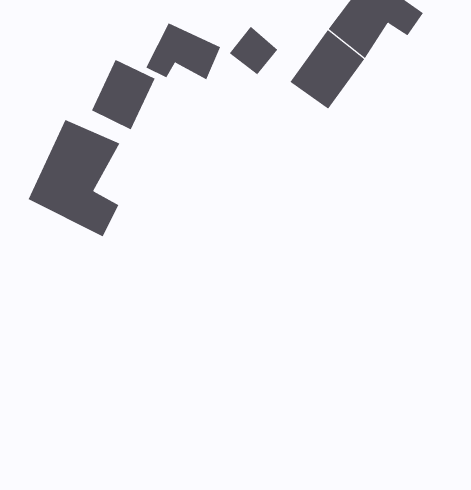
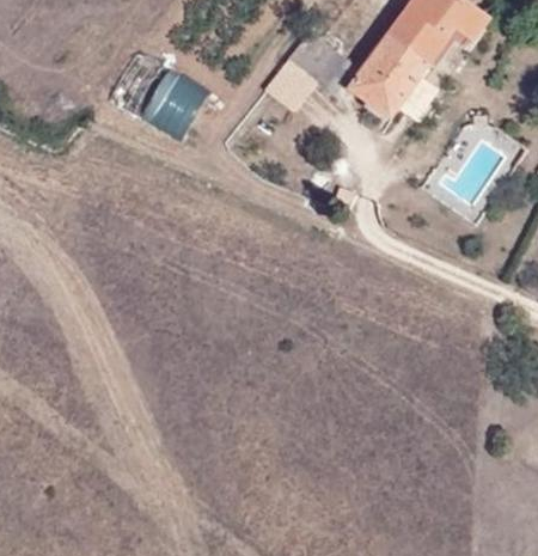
building: [146,22,221,80] -> none
building: [28,119,120,237] -> none

